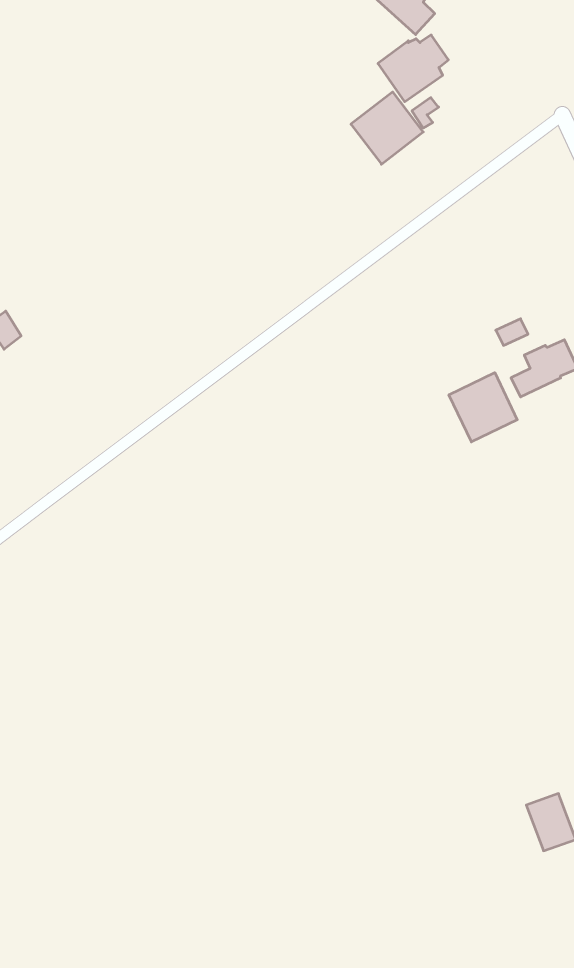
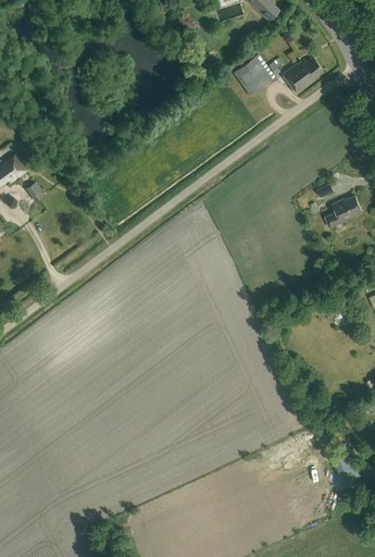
building: [378,35,448,102] -> [282,57,322,95]
building: [449,373,517,442] -> none

